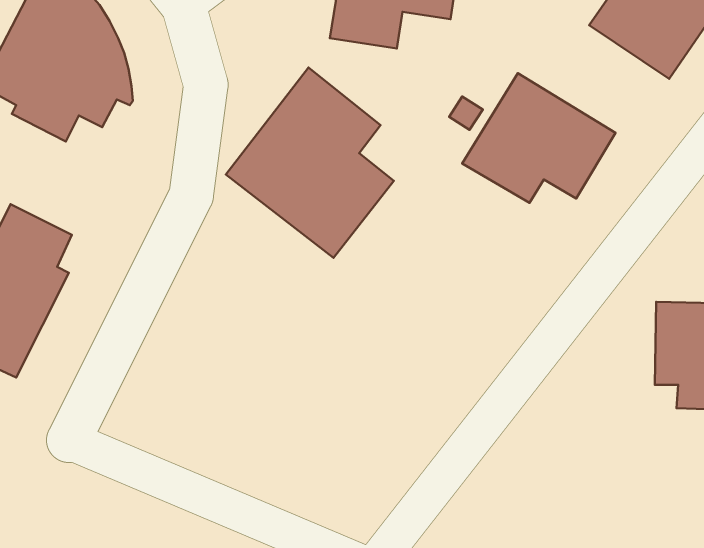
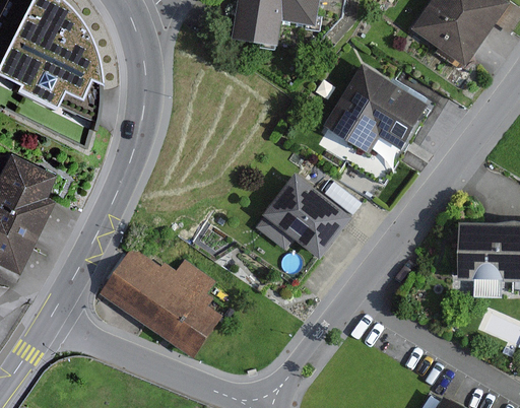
building: [226,67,394,258] -> none
building: none -> [256,173,353,259]
building: none -> [100,247,224,358]

